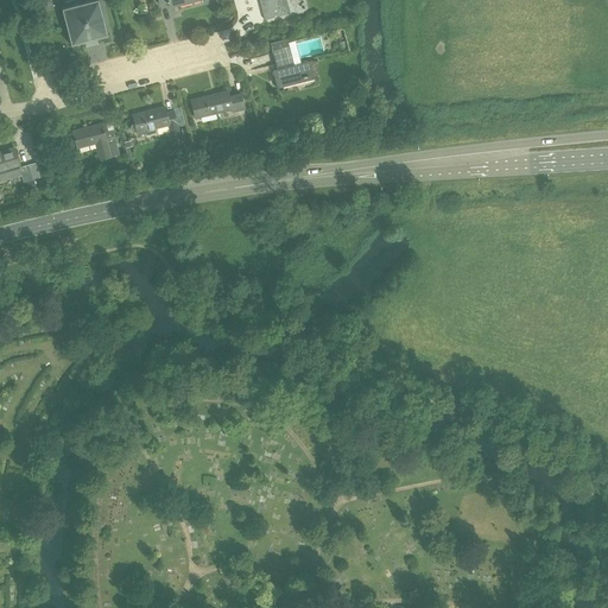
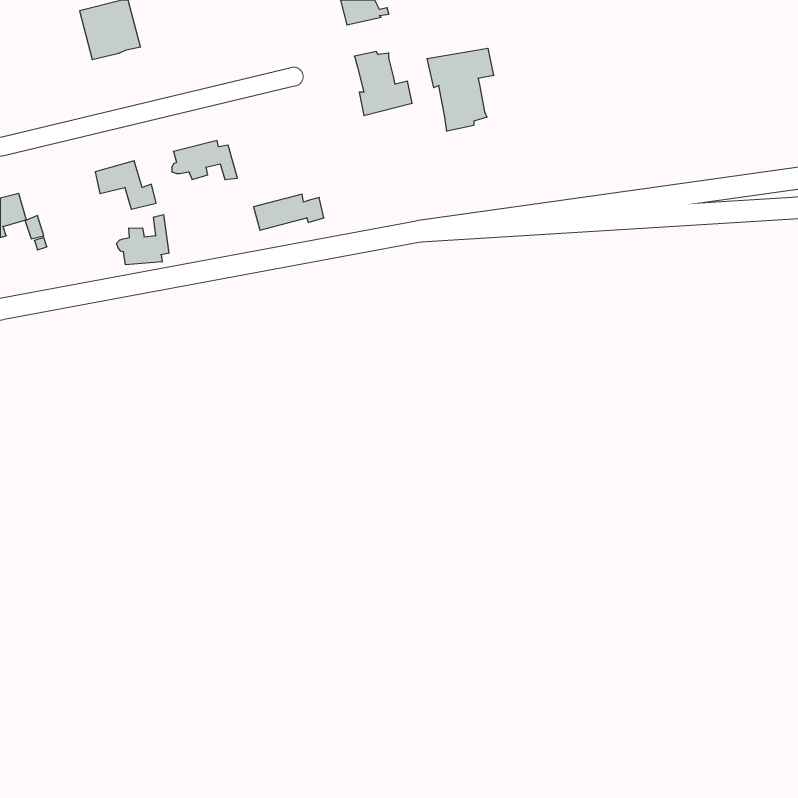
building: none -> [427,48,494,131]
building: [190,90,243,118] -> [254,194,324,230]
building: none -> [117,215,169,265]

